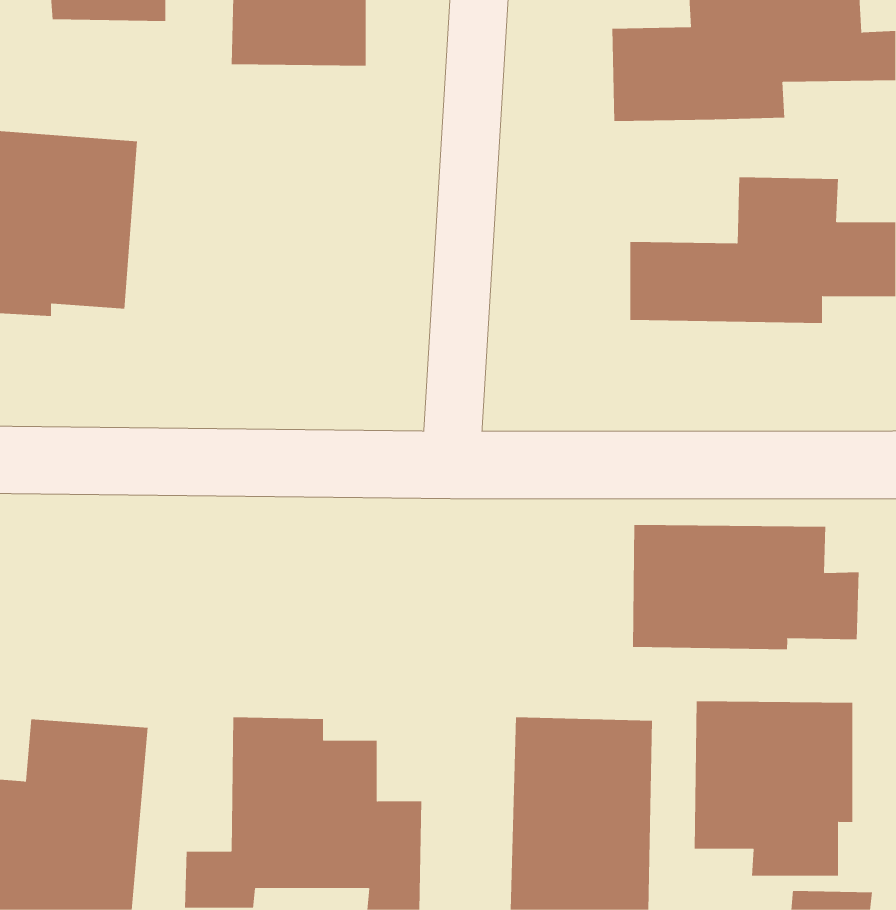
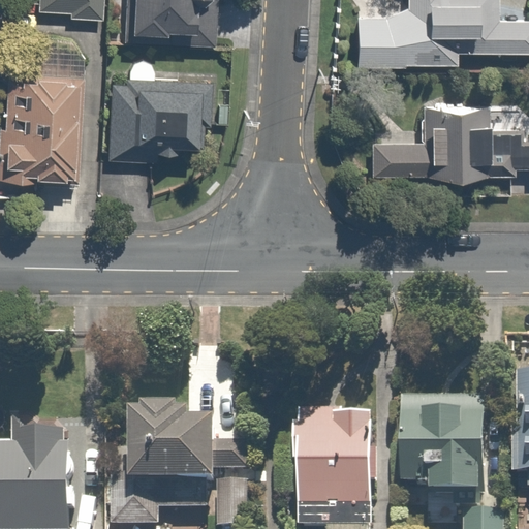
building: none -> [95,75,209,164]
building: [632,524,859,650] -> none

